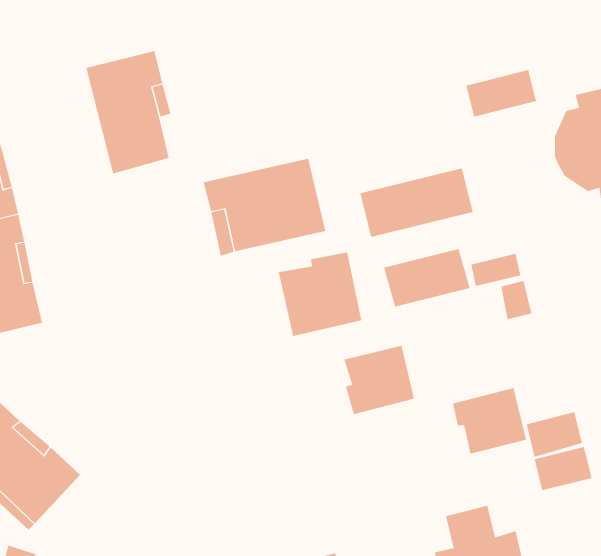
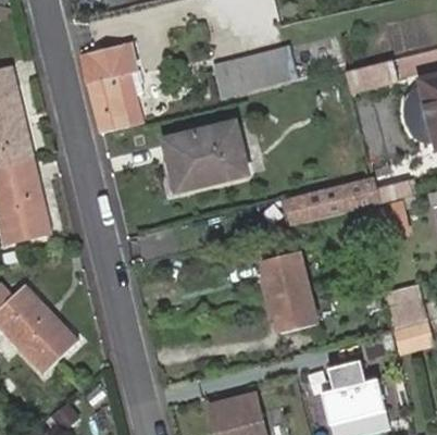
building: [360,168,474,238] -> [213,48,291,96]
building: [278,252,362,337] -> none
building: [452,388,527,454] -> [266,286,317,332]

